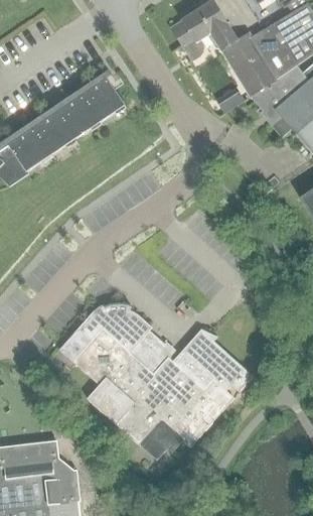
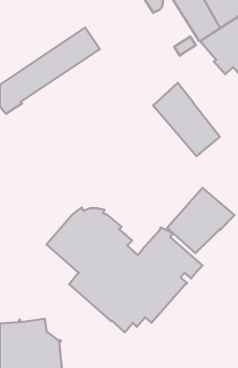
building: none -> [153,83,220,156]
building: none -> [167,188,235,253]

